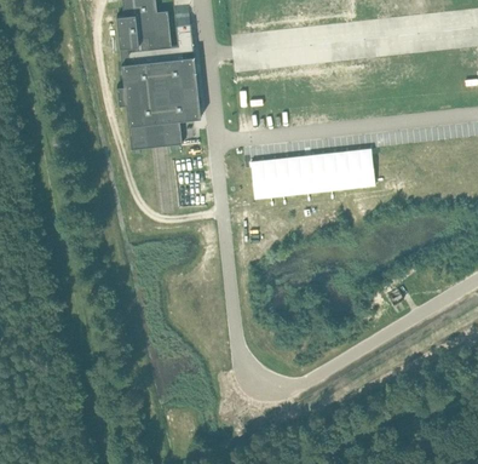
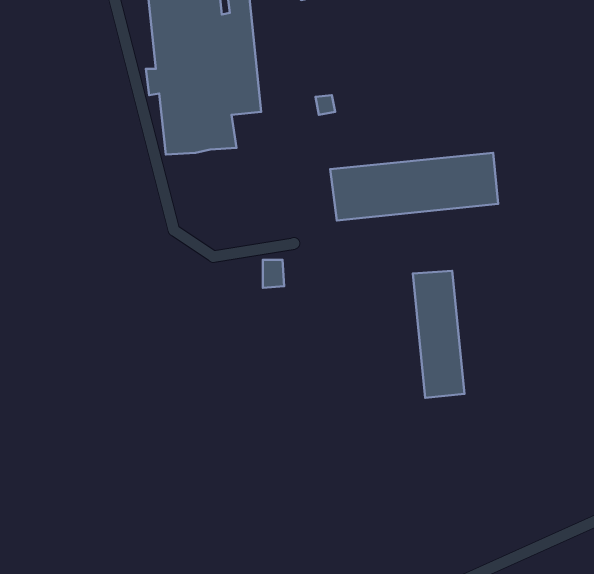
building: none -> [413,271,464,398]

